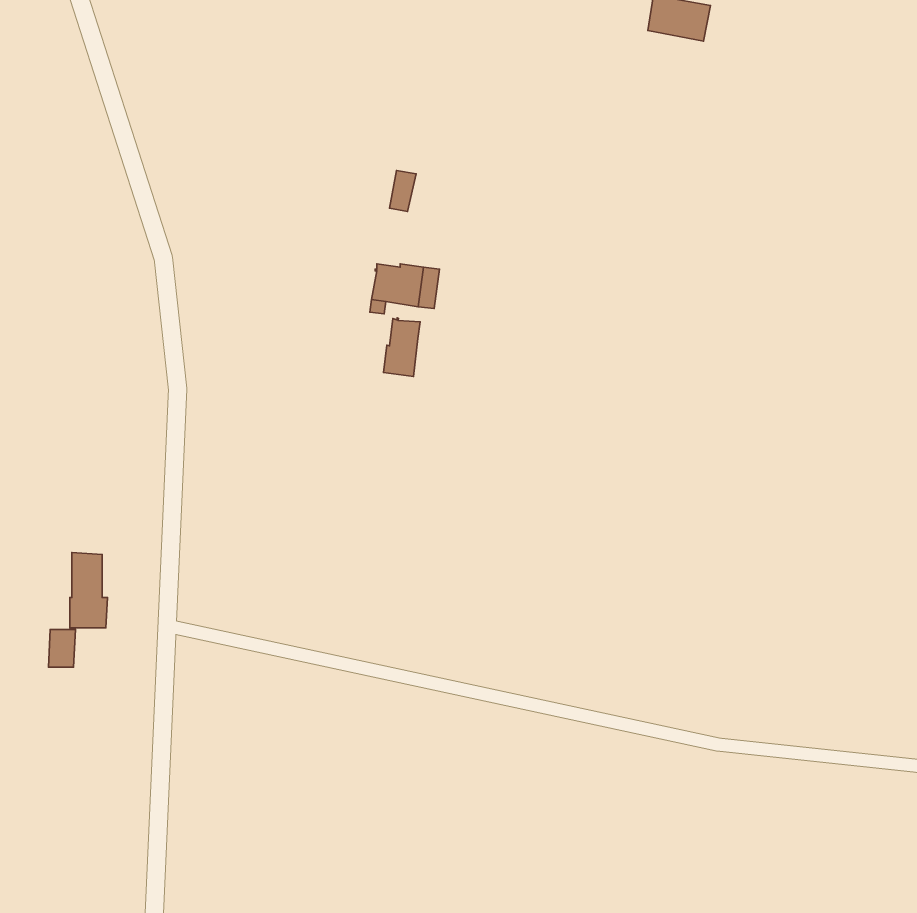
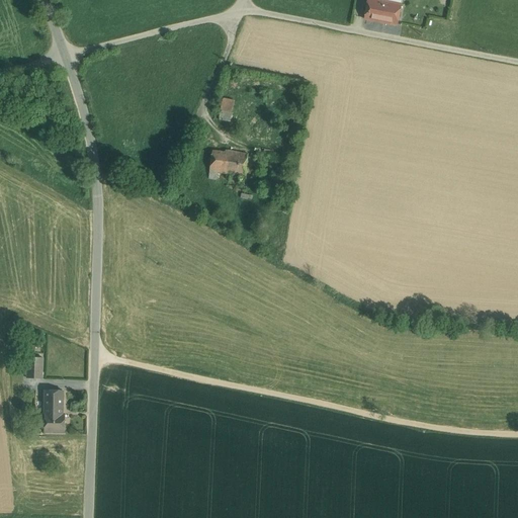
building: [383,318,420,377] -> none
building: [70,553,108,628] -> [45,387,66,430]

